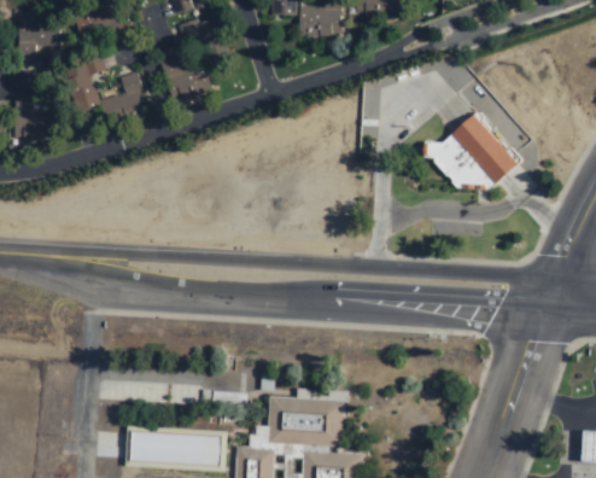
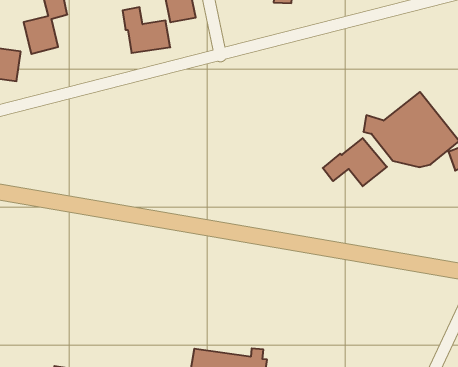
building: [104,71,146,126] -> none
building: none -> [323,138,387,186]

